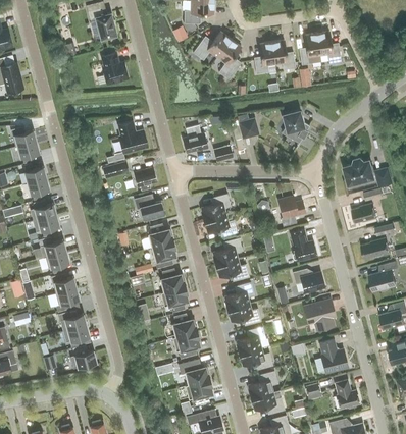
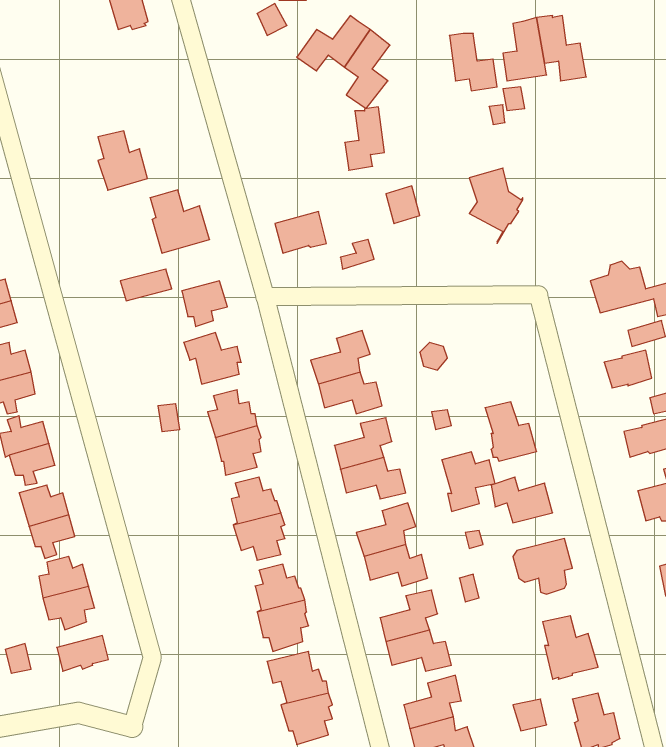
building: [254,41,274,73] -> [345,107,384,170]
building: [102,52,128,83] -> [98,131,147,190]
building: [277,196,305,226] -> [442,452,495,511]

